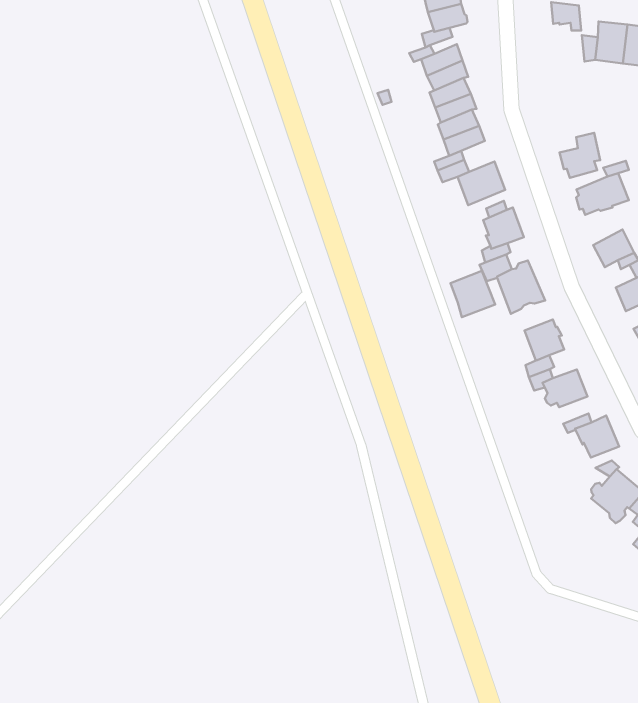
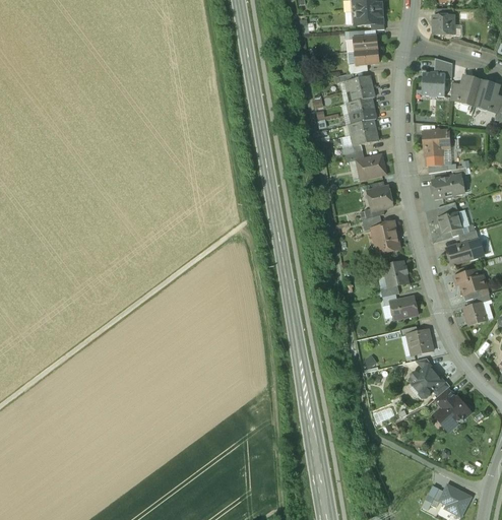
building: none -> [422,72,445,96]
building: none -> [424,128,449,155]
building: [450,271,495,317] -> none

